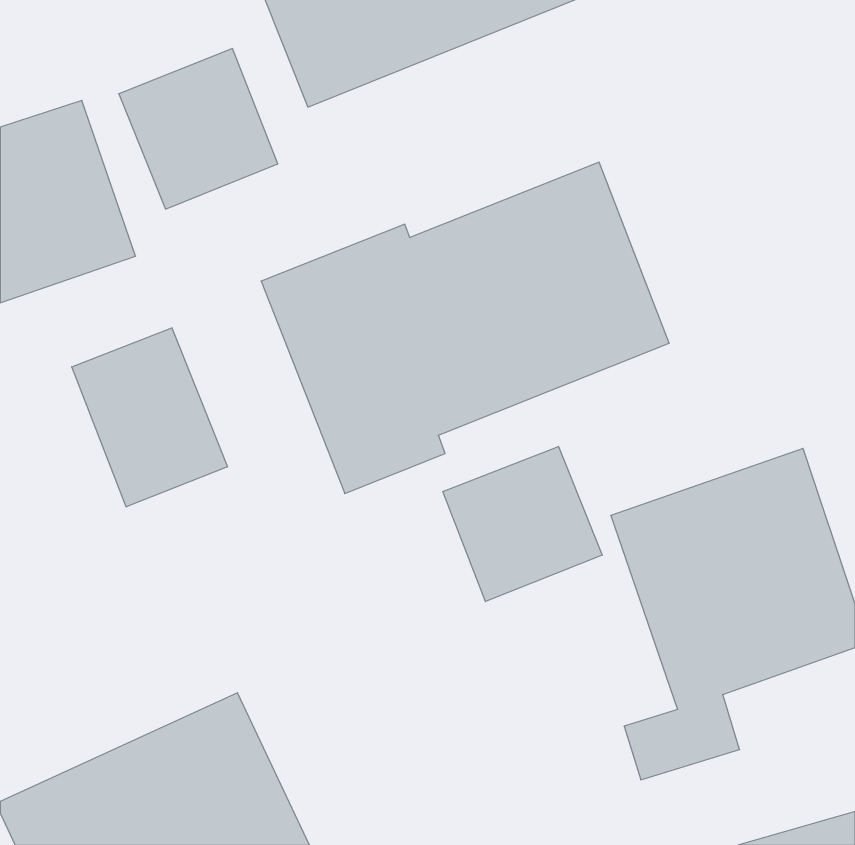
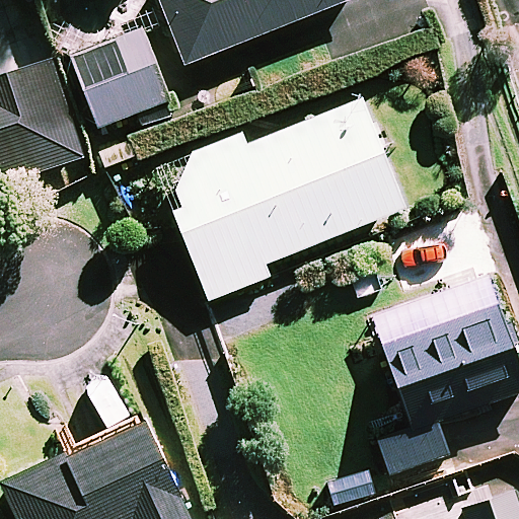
building: [72,328,228,507] -> none
building: [443,446,602,602] -> none

